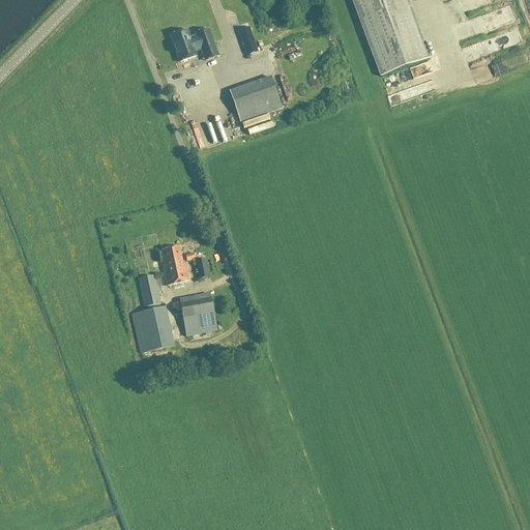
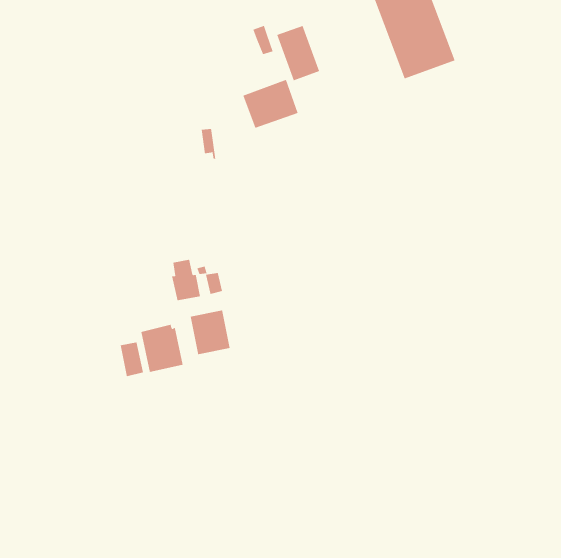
building: none -> [276,25,320,81]
building: [171,26,217,60] -> none
building: [138,273,160,306] -> [120,342,144,377]

